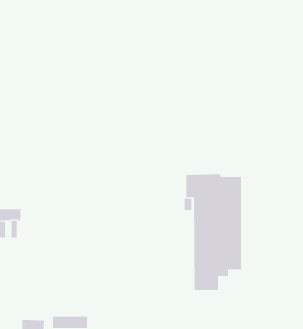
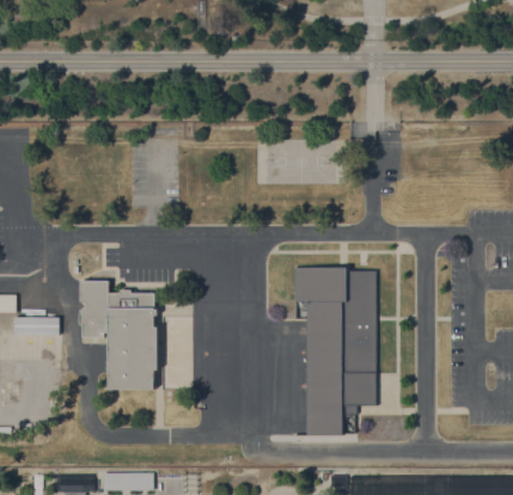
building: none -> [79,281,157,389]

